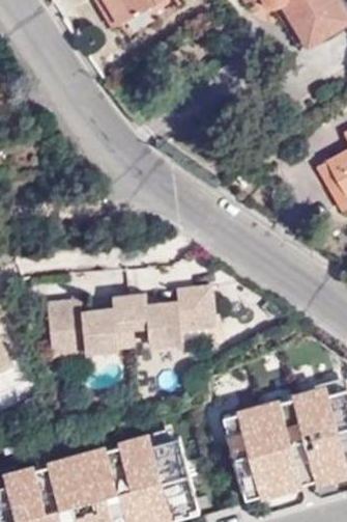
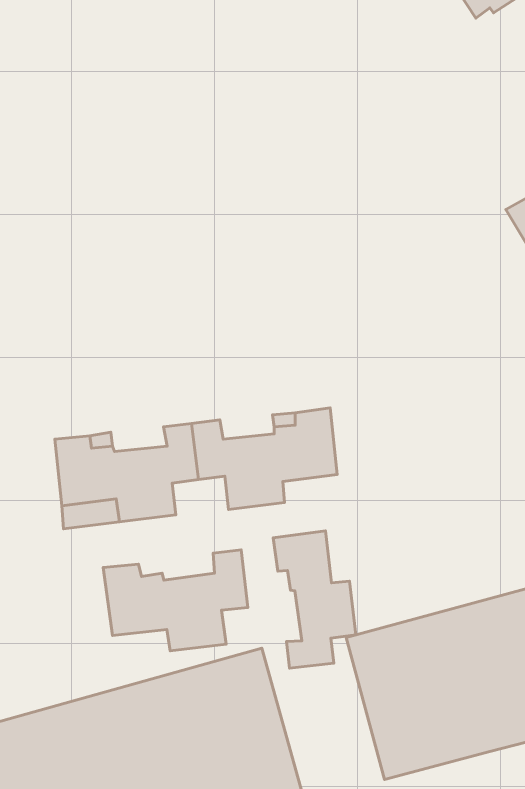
building: none -> [273,531,356,668]
building: none -> [103,550,248,651]

